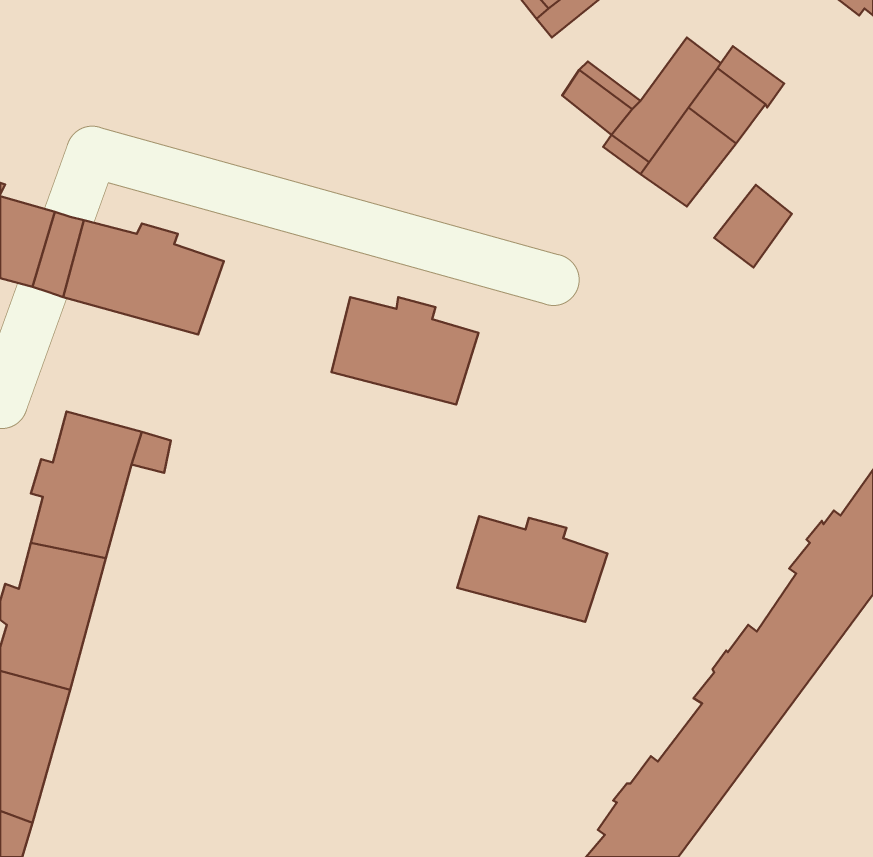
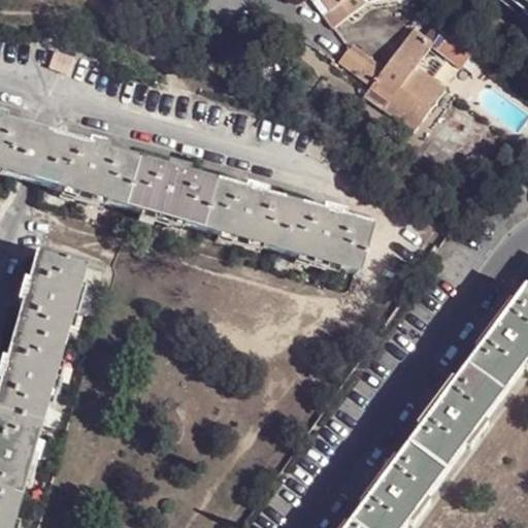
building: [714,185,792,267] -> none
building: none -> [120,158,211,225]
building: [457,516,607,622] -> [275,201,366,265]

